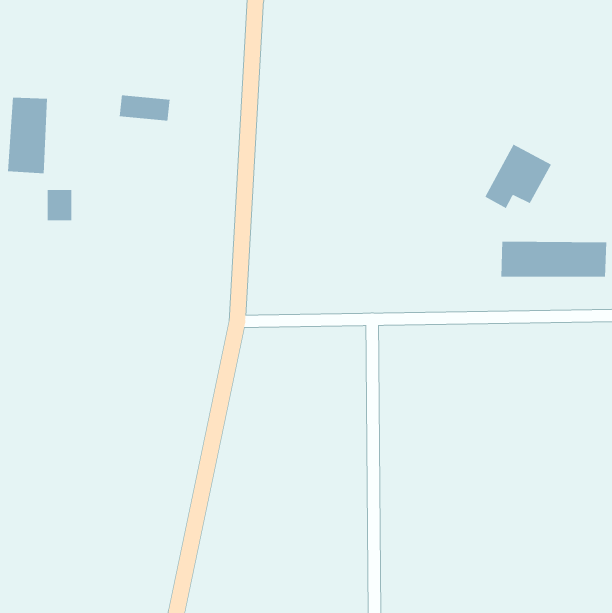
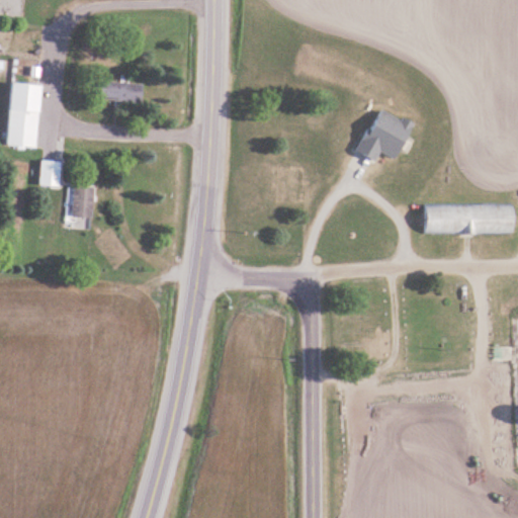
building: [485,144,552,209] -> [354,107,411,162]
building: none -> [68,186,94,218]

